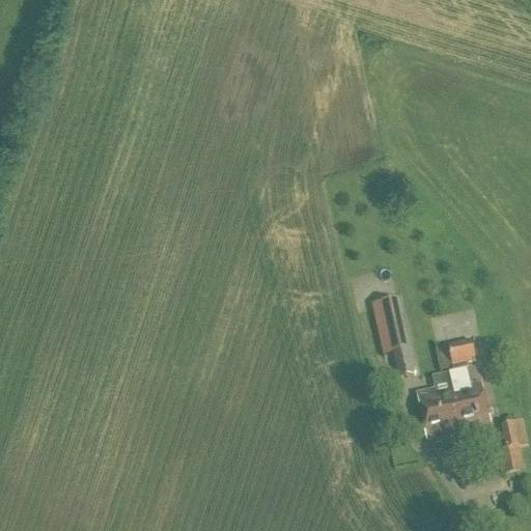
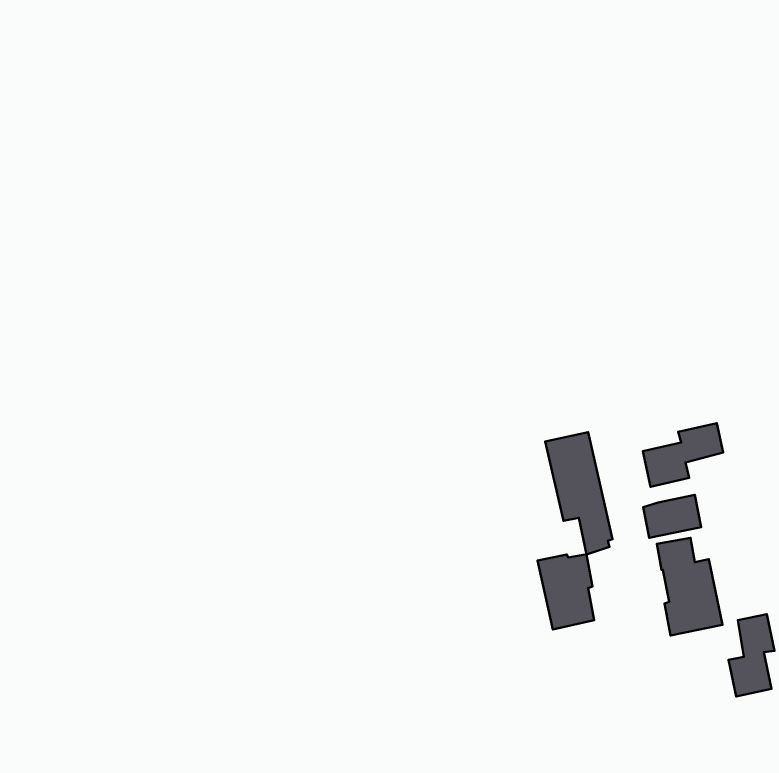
building: none -> [643,423,723,487]
building: [417,387,455,438] -> [538,555,594,629]

